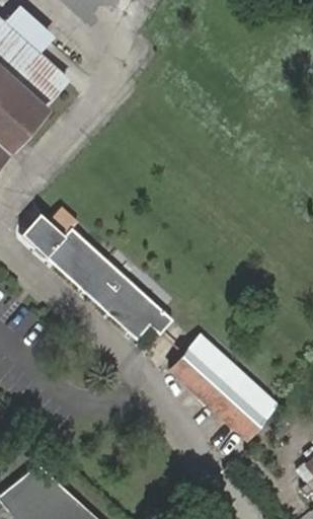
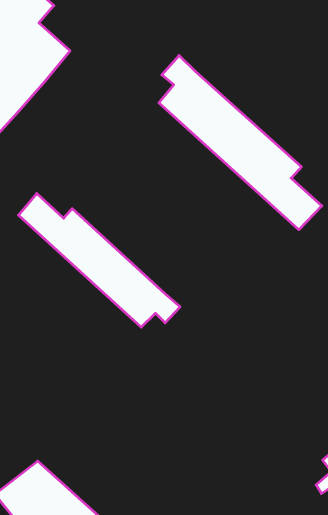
building: none -> [159,55,322,230]
building: [167,335,277,441] -> none

